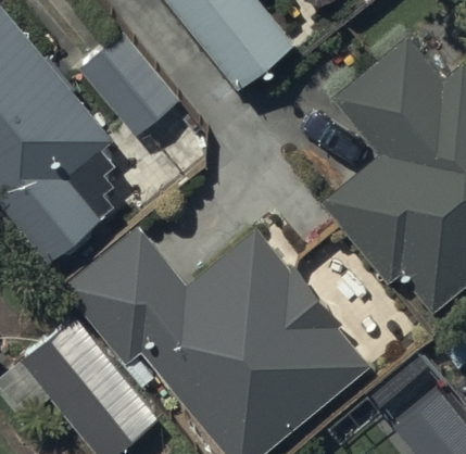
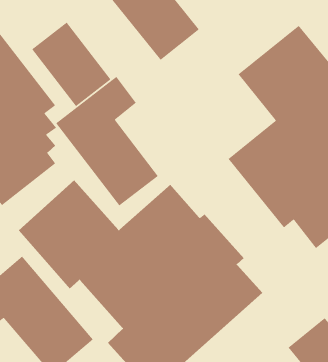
building: none -> [55,76,159,206]

